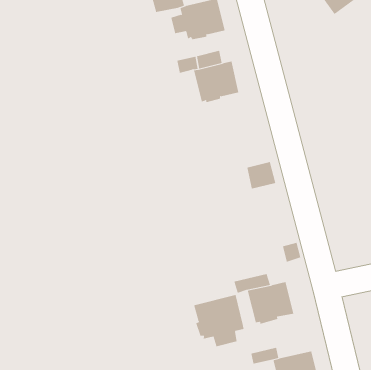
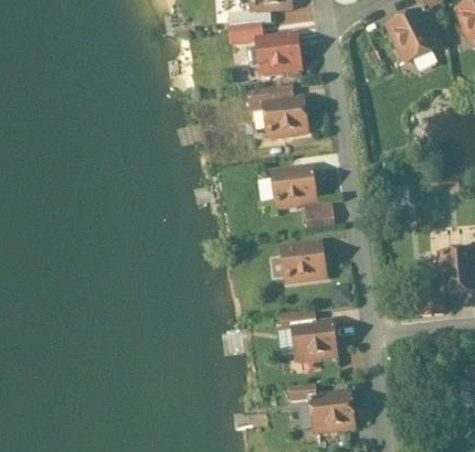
building: none -> [272,168,315,206]
building: none -> [282,243,325,280]
building: [194,294,244,347] -> none

